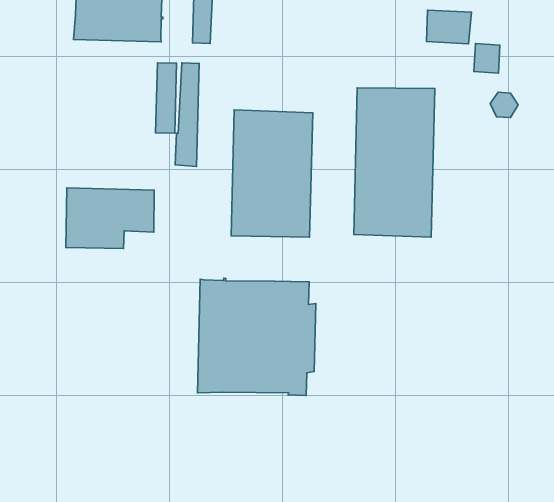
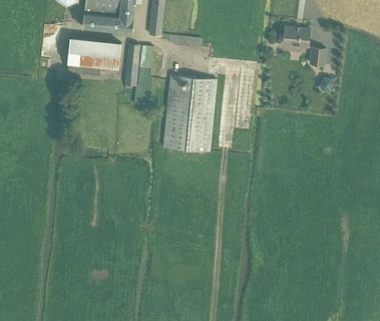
building: [354,88,435,237] -> none
building: [66,188,154,248] -> [67,38,120,75]
building: [197,278,316,395] -> none

